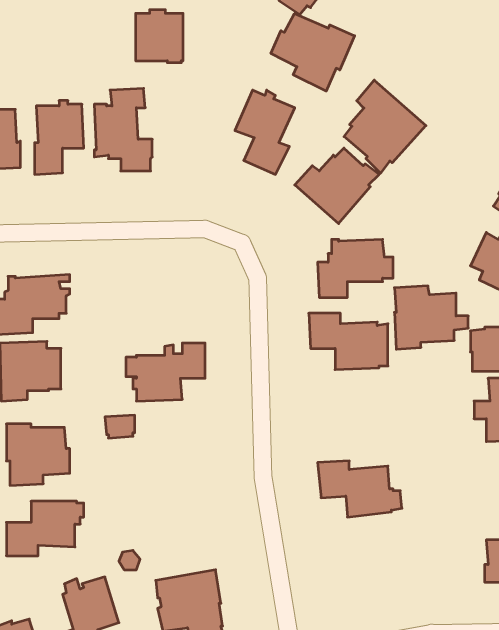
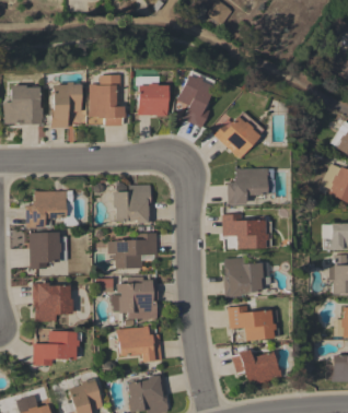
building: [136,10,183,63] -> [138,83,167,116]
building: [271,14,355,91] -> none
building: [344,80,426,173] -> none
building: none -> [113,180,153,223]
building: [394,286,468,349] -> [224,258,270,297]
building: none -> [112,276,159,319]
building: none -> [117,326,162,362]
building: none -> [232,350,281,386]

